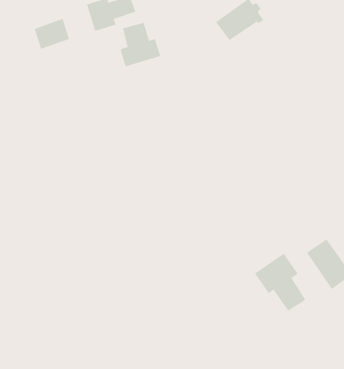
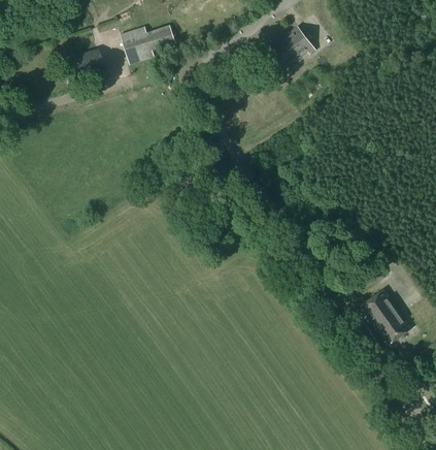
building: [120,22,161,67] -> none
building: [254,253,306,311] -> none

